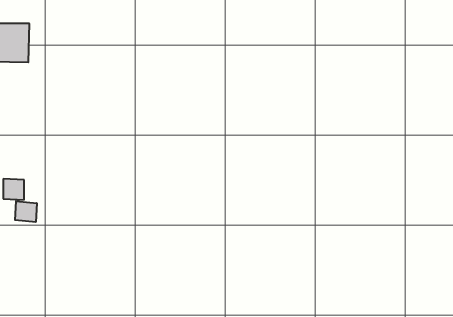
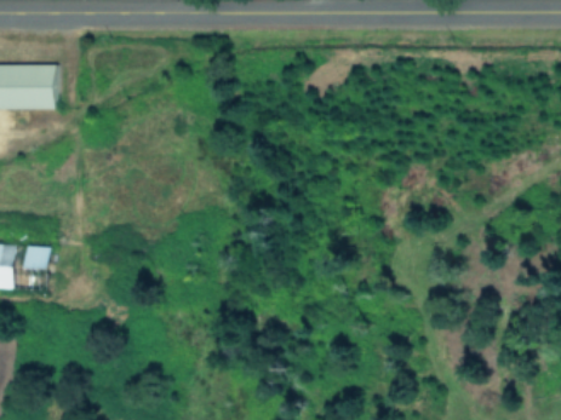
building: [15,201,37,222] -> none

